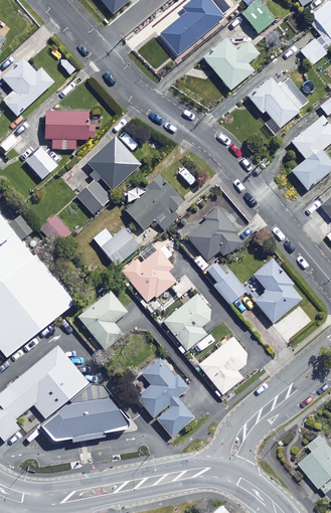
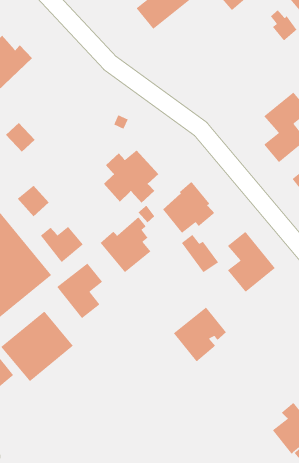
building: [202,37,259,90] -> none
building: [246,75,309,127] -> none
building: [45,112,97,148] -> none
building: [87,136,140,189] -> none
building: [76,180,109,213] -> none
building: [93,226,138,265] -> [40,226,84,263]
building: [163,289,213,349] -> none
building: [136,359,193,437] -> none
building: [39,396,131,443] -> none

